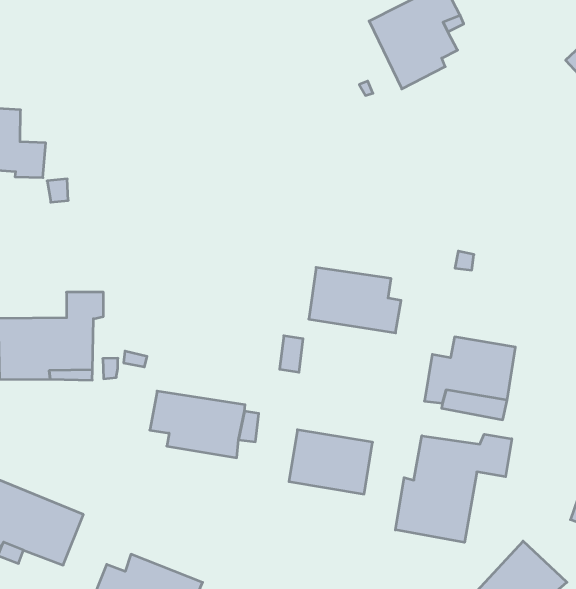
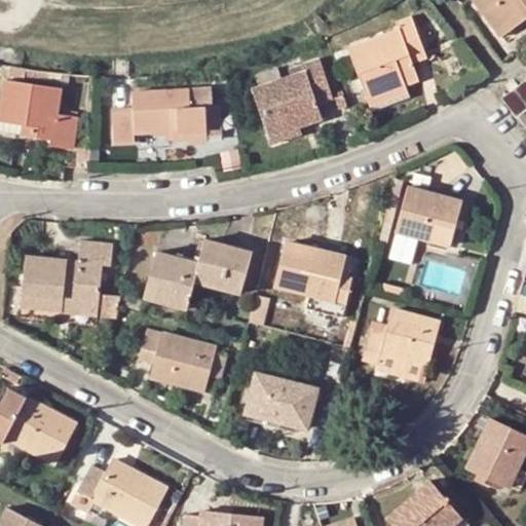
building: none -> [252,59,332,143]
building: none -> [114,89,208,143]
building: none -> [397,189,460,245]
building: none -> [145,240,252,308]
building: [395,434,512,542] -> none

